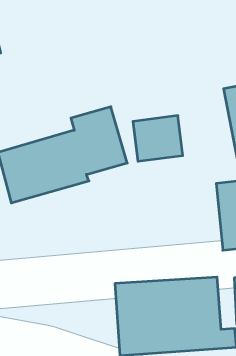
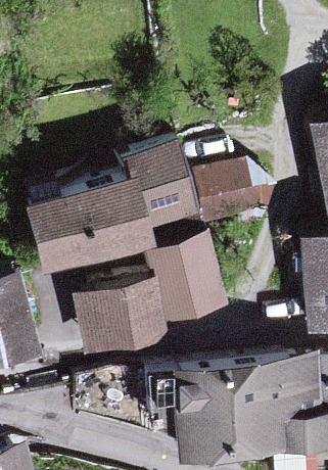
building: none -> [148,241,216,322]
building: none -> [75,282,158,351]

